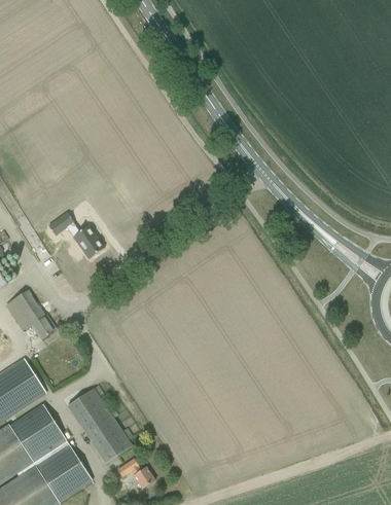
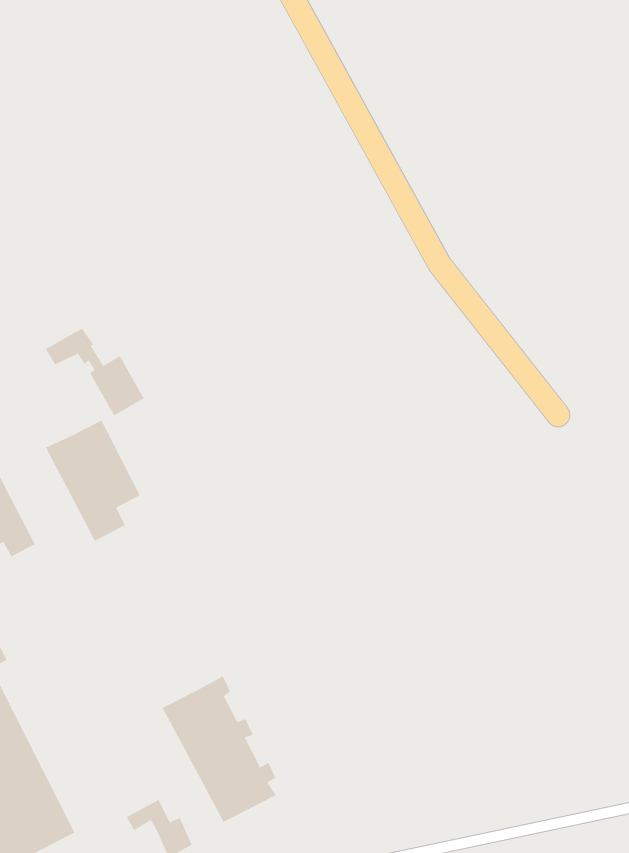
building: none -> [45,420,141,542]
building: [67,385,133,463] -> [161,675,277,823]

